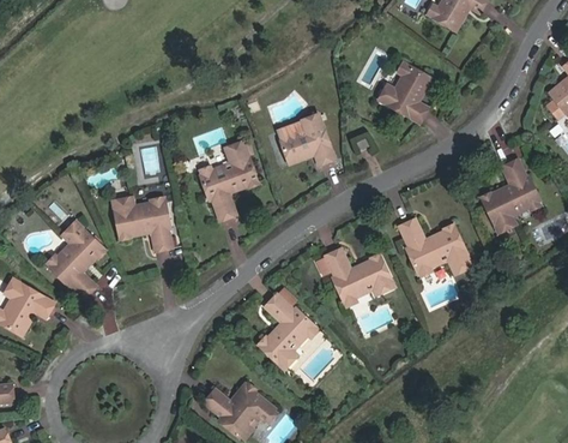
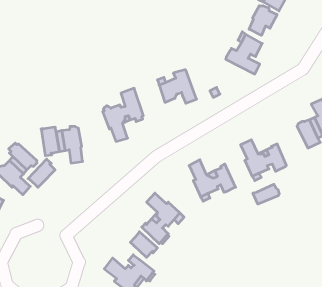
building: none -> [249,6,277,35]
building: none -> [28,159,55,187]
building: none -> [253,184,279,204]
building: none -> [130,232,157,257]

